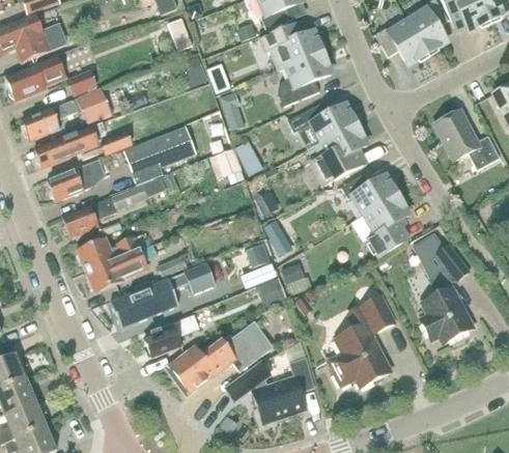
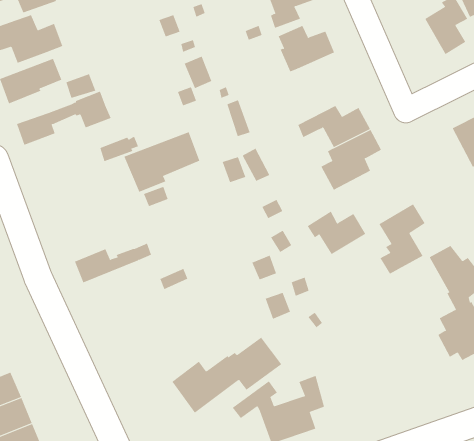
building: [375,19,428,64] -> none
building: [278,51,332,106] -> none
building: [33,124,100,167] -> none
building: [46,159,104,200] -> none
building: [342,172,398,214] -> [307,211,366,255]
building: [60,190,133,236] -> none
building: [85,248,146,290] -> none
building: [111,262,216,327] -> none
building: [329,295,396,387] -> none
building: [144,315,197,355] -> none

